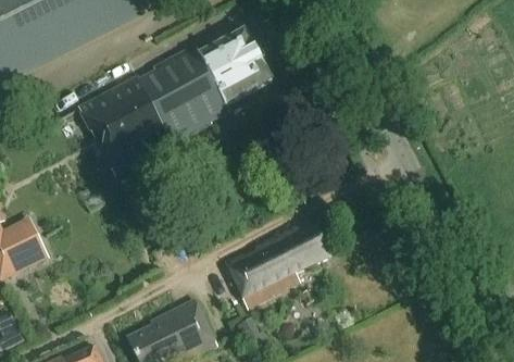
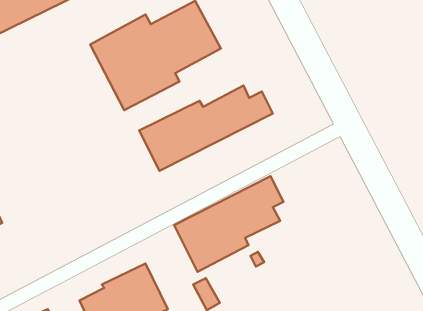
building: [78,74,172,173] -> none
building: none -> [139,86,273,171]

